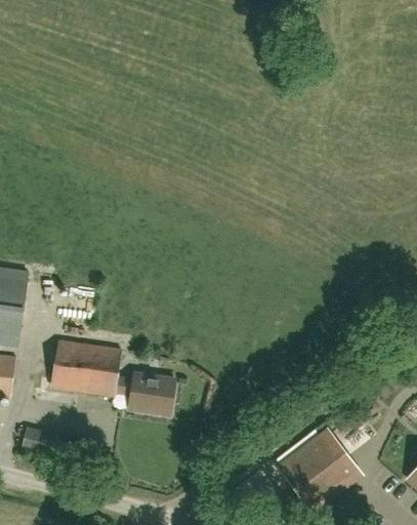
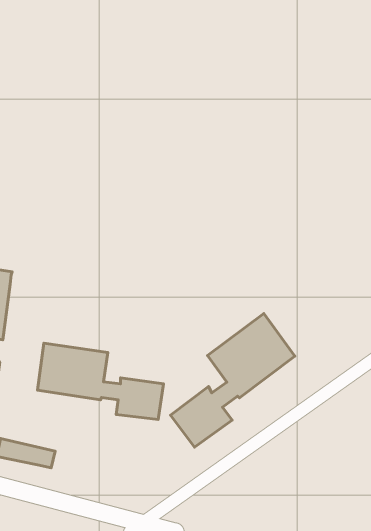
building: none -> [171,313,295,447]
building: [279,429,363,512] -> none

